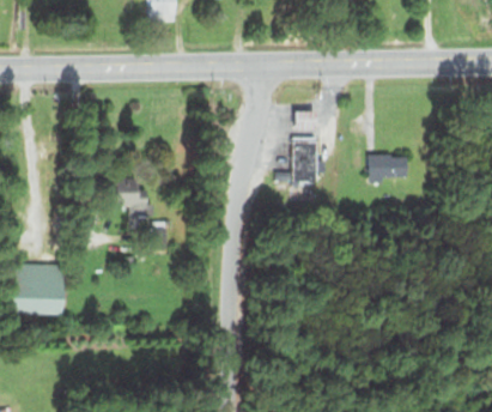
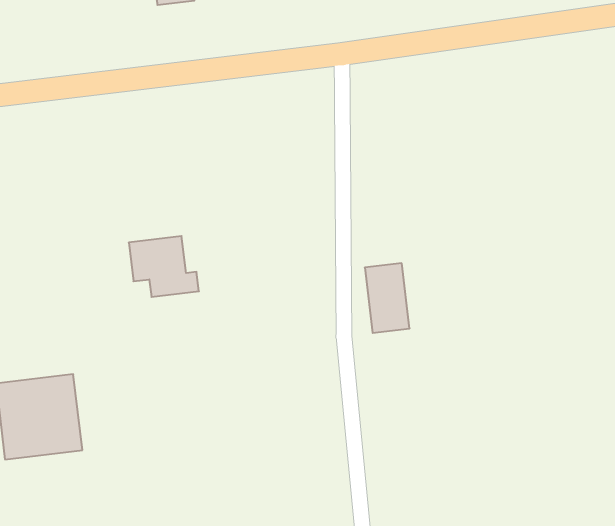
building: [293,138,318,182] -> [365,263,410,333]
building: [371,156,408,180] -> none

